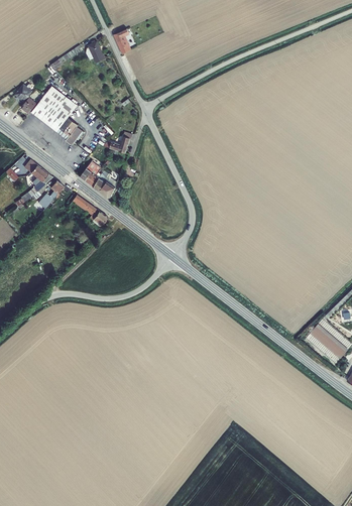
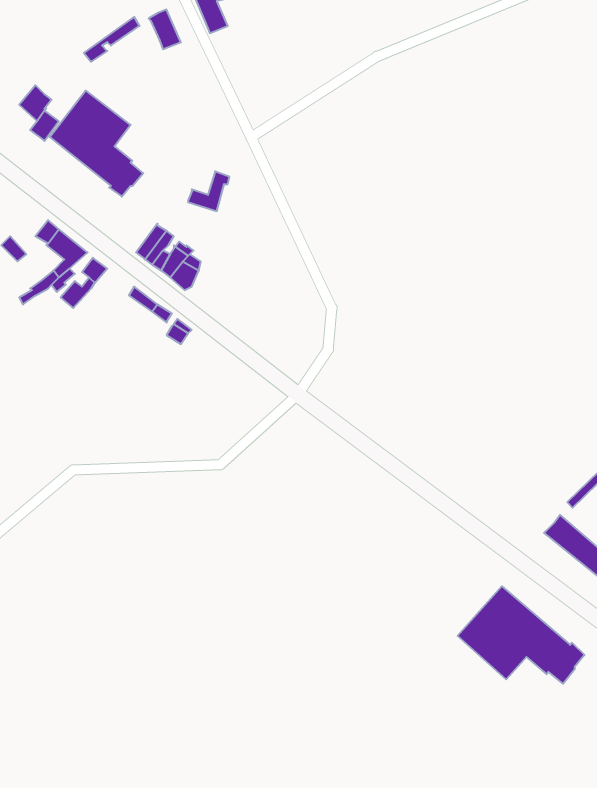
building: none -> [458,586,585,684]

